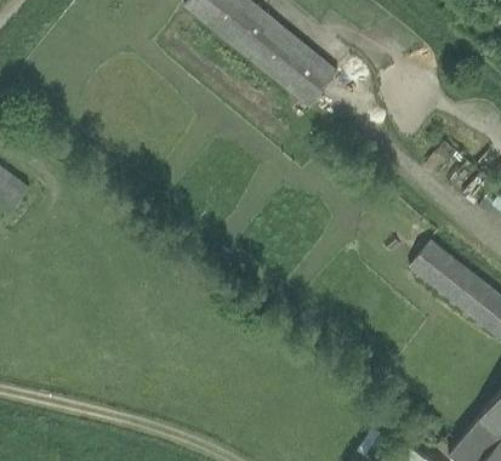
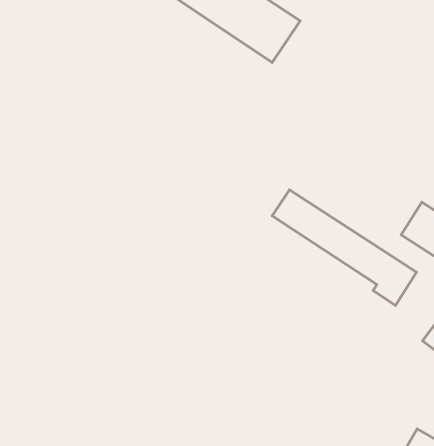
building: none -> [272,190,416,305]

